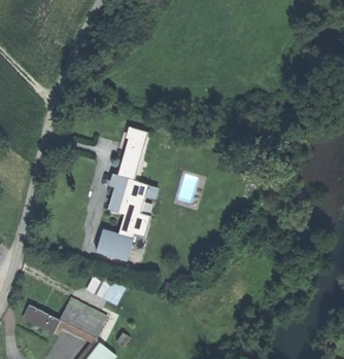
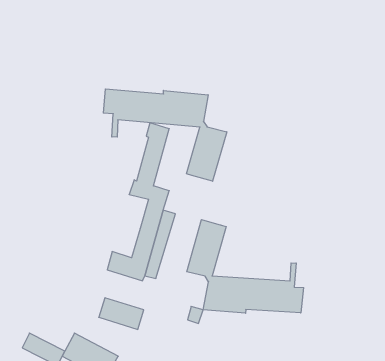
building: none -> [103,89,227,181]
building: none -> [187,220,304,313]

